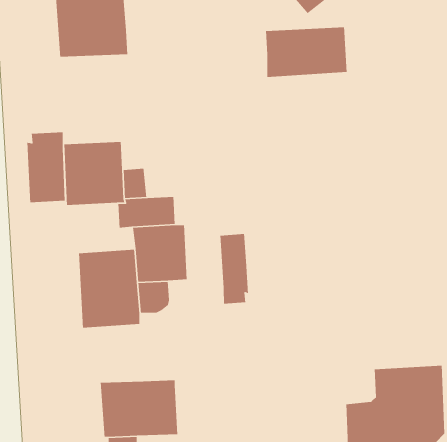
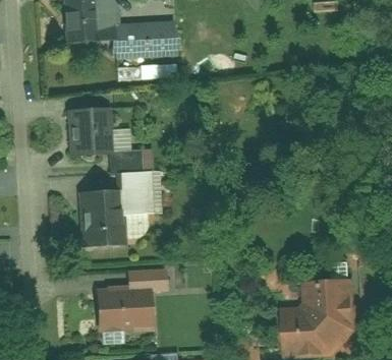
building: [265,27,348,78] -> [115,20,177,59]
building: [26,131,66,203] -> none
building: [220,233,249,304] -> none
building: none -> [125,268,167,291]

